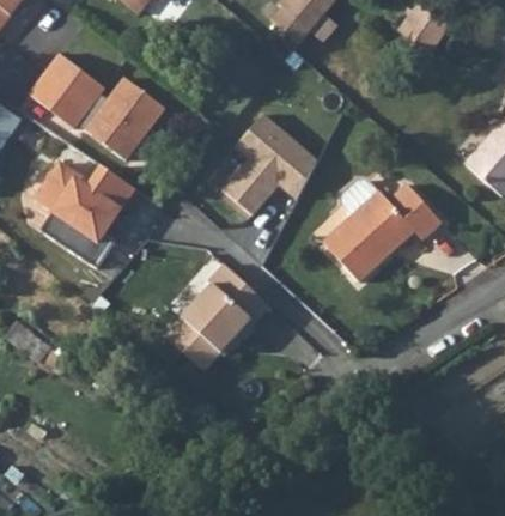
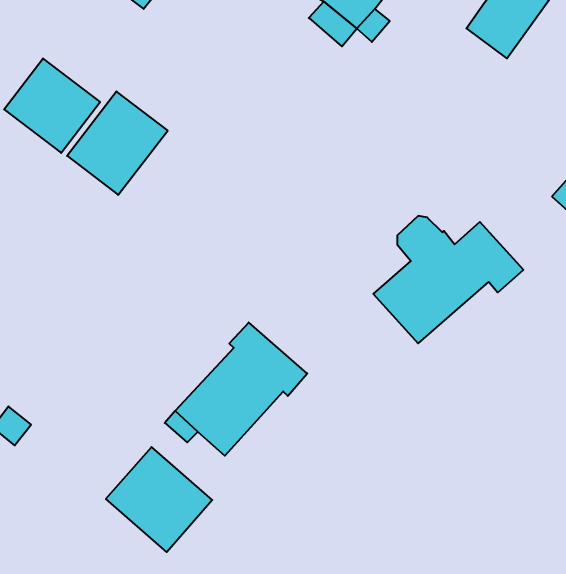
building: [215,116,308,218] -> none
building: [35,160,135,267] -> none
building: none -> [106,447,212,552]

